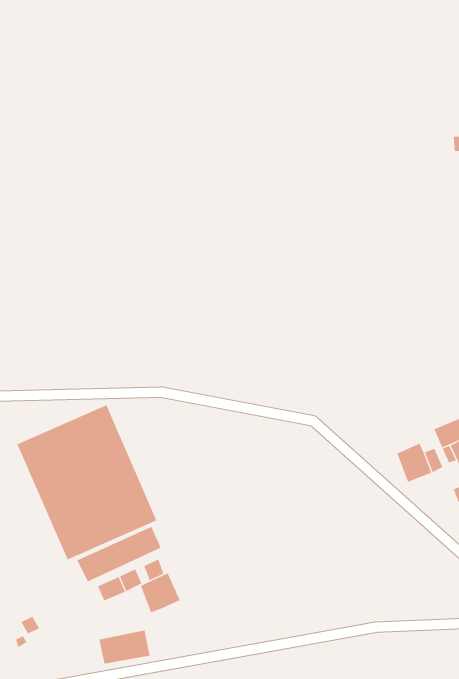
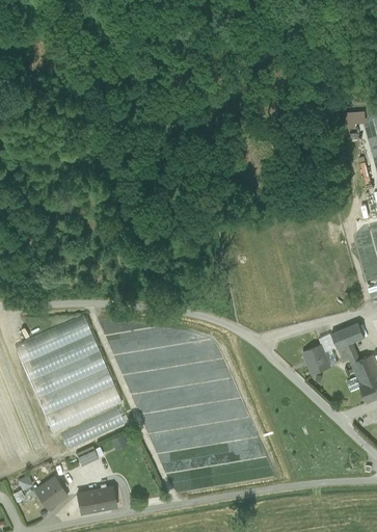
building: [140,573,181,613] -> none
building: none -> [35,477,68,509]

